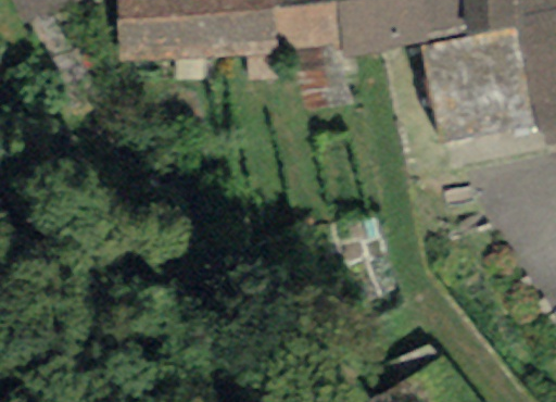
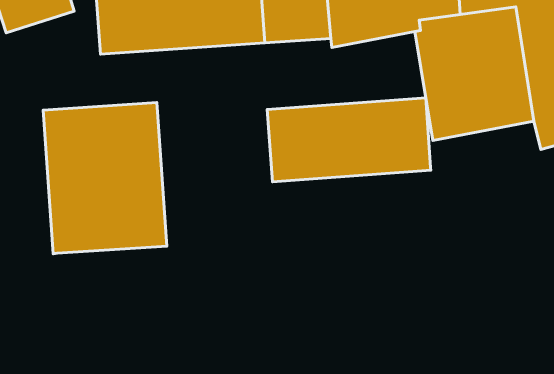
building: none -> [267,98,431,182]
building: none -> [43,102,167,254]

